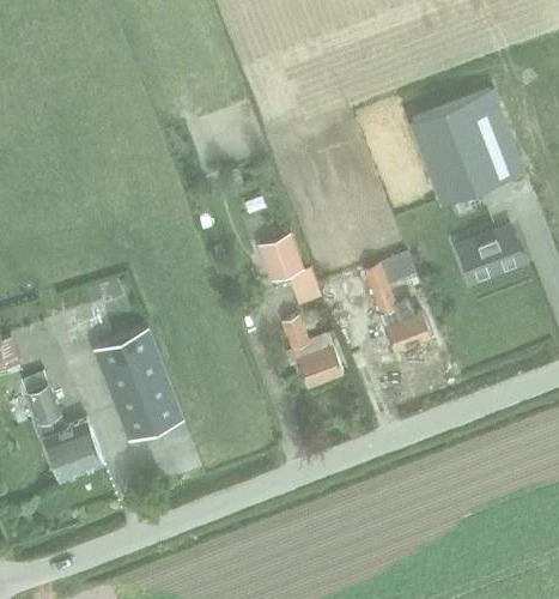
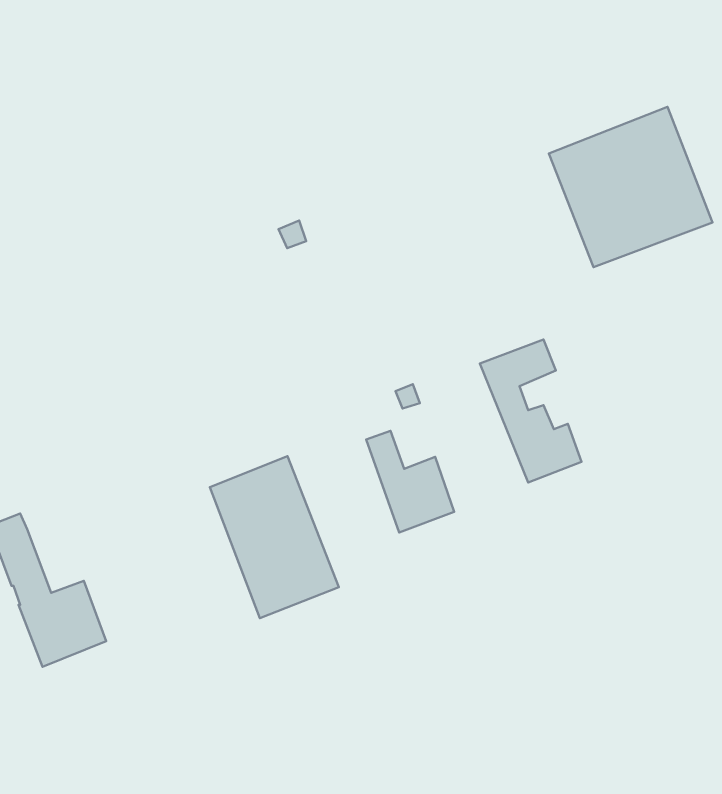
building: [458,228,524,284] -> none
building: [257,236,302,283] -> none
building: [93,328,183,441] -> [210,456,339,618]

